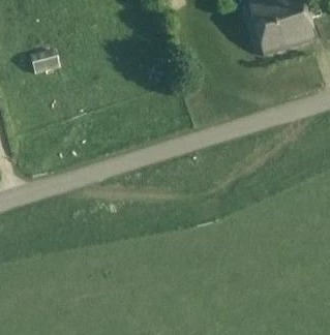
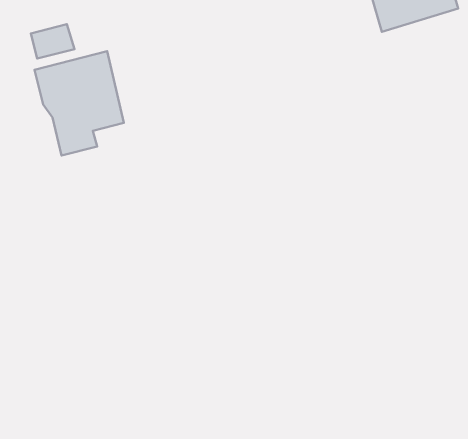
building: none -> [34,51,124,156]

